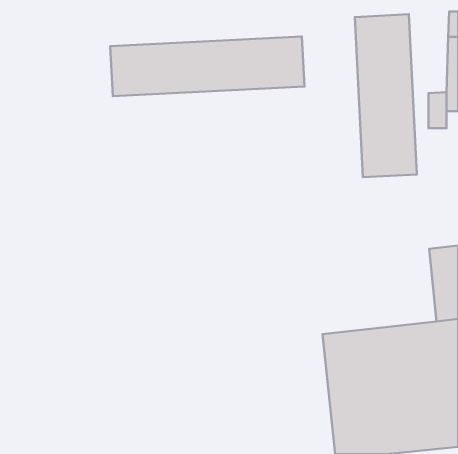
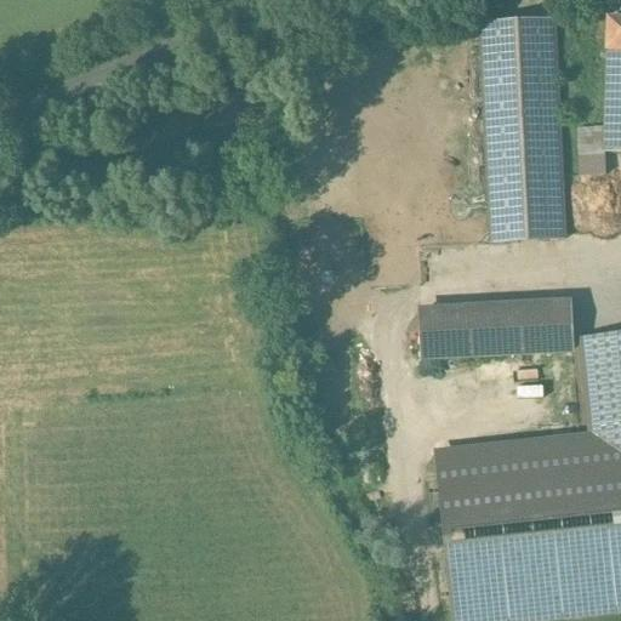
building: [110,37,304,96] -> none
building: none -> [422,300,570,355]

